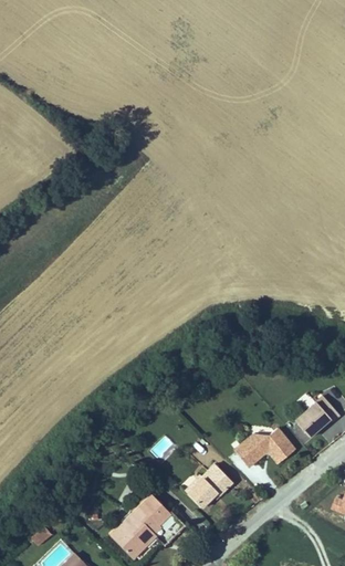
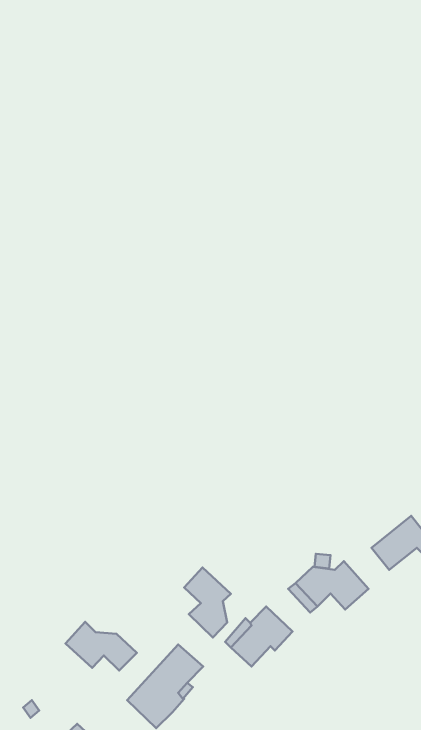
building: none -> [184,568,231,637]
building: none -> [65,622,137,671]

